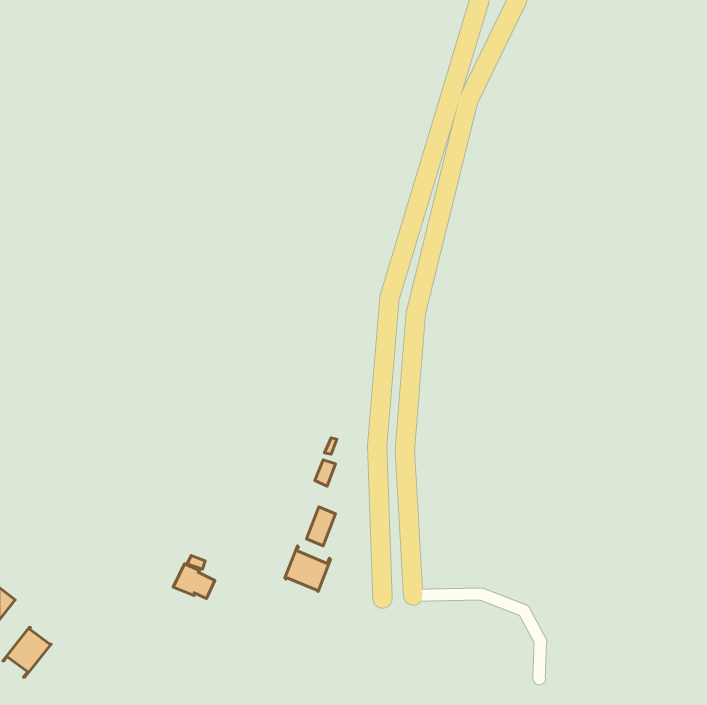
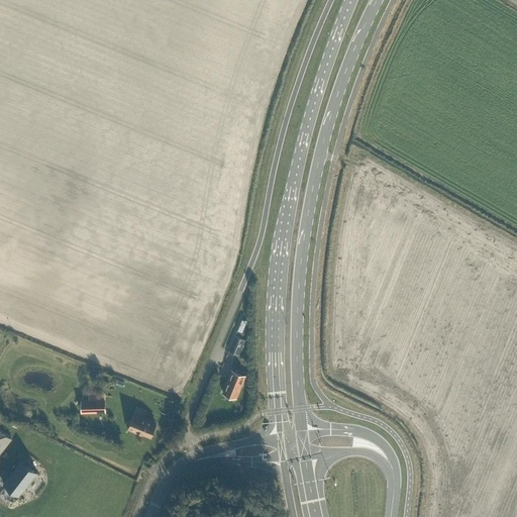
building: none -> [81,394,105,415]
building: [285,546,331,591] -> none

